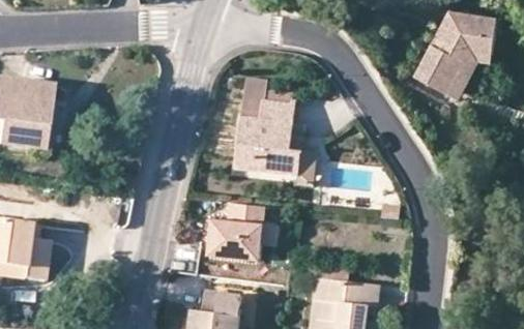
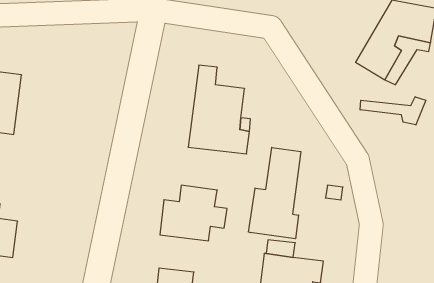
building: none -> [360,97,426,125]
building: none -> [249,147,301,239]

